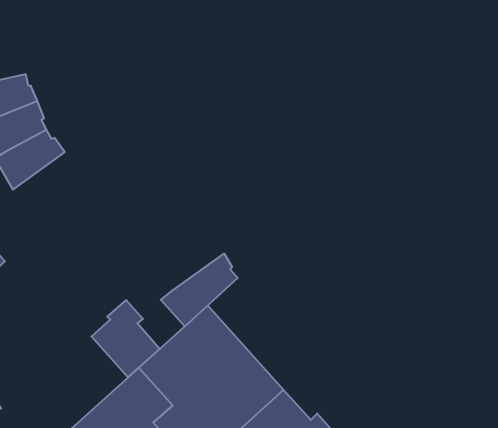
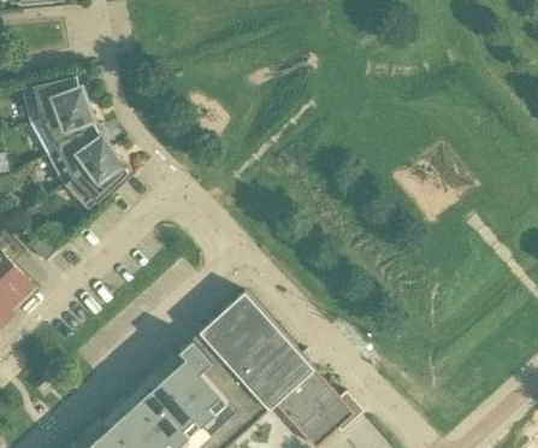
building: none -> [63,149,126,211]
building: [161,254,238,327] -> none
building: [91,300,160,377] -> none

